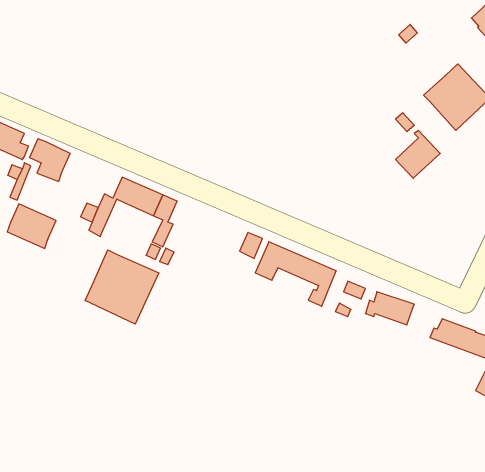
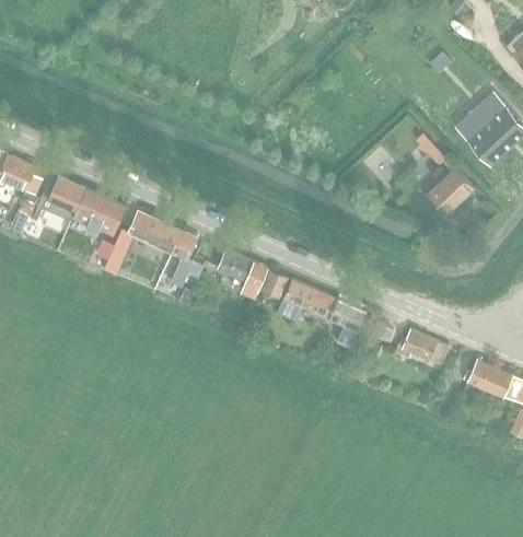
building: [7,204,56,249] -> [72,188,124,235]
building: none -> [219,253,266,300]
building: [85,250,159,324] -> none

